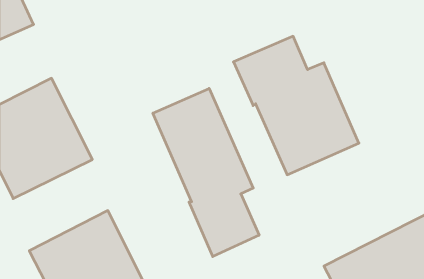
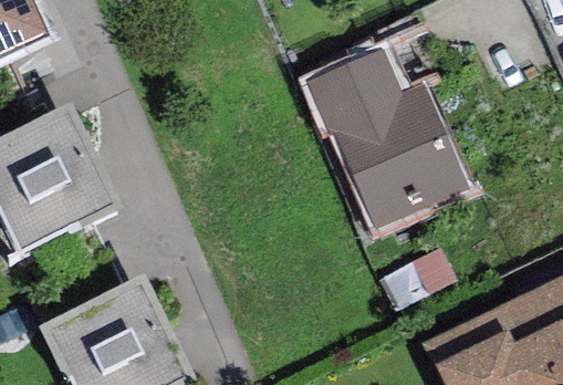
building: [153,88,259,257] -> none

